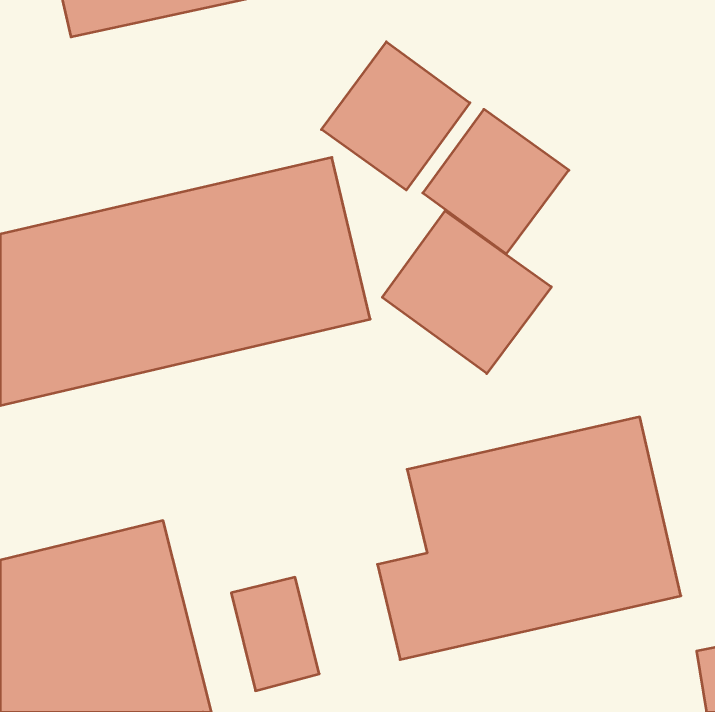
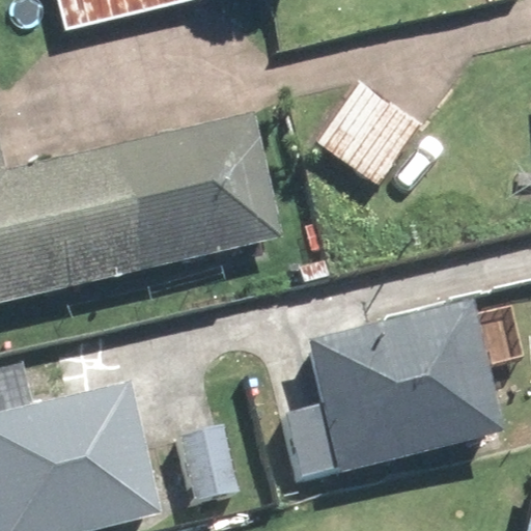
building: [321,42,470,190] -> none
building: [382,211,551,374] -> none

